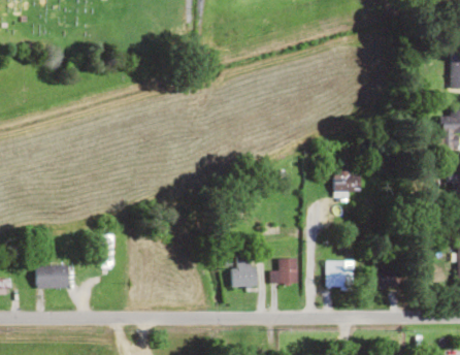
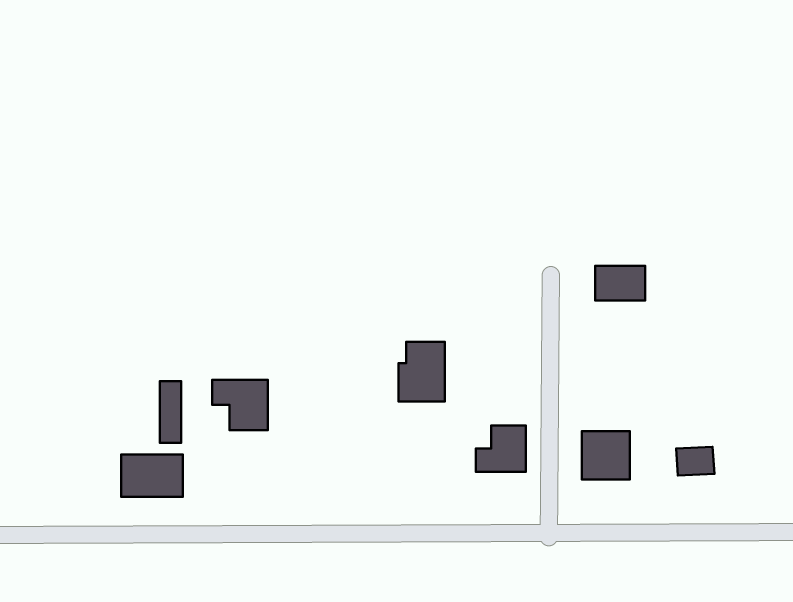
building: none -> [212,380,268,430]
building: [232,256,257,288] -> [399,342,445,402]
building: [36,265,69,288] -> [121,455,183,497]

